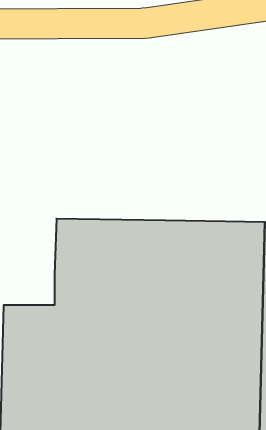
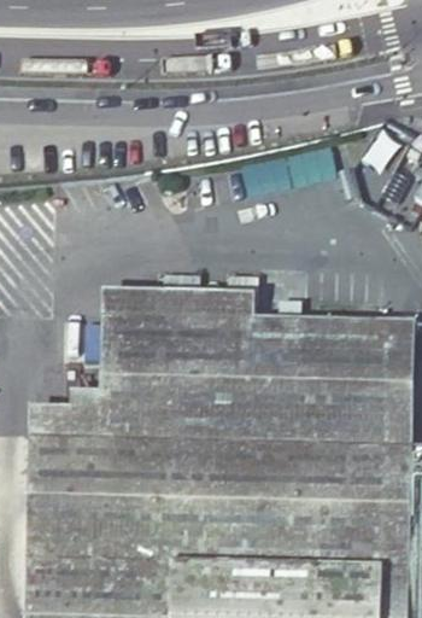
building: none -> [107,291,257,319]
building: none -> [35,392,105,435]

